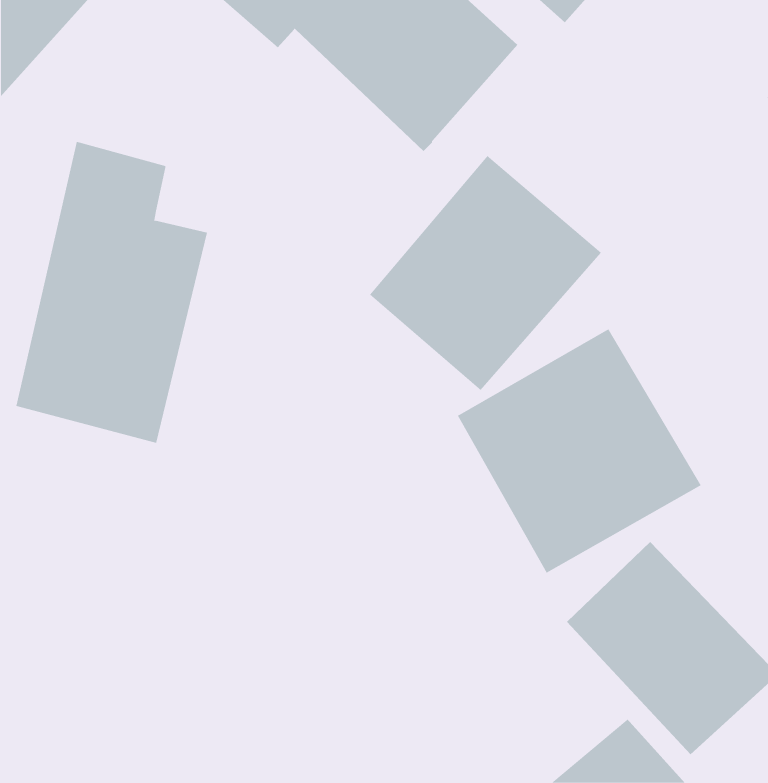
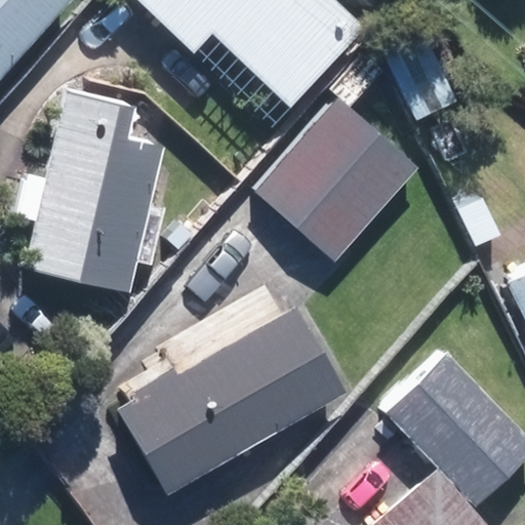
building: [457,328,701,574] -> none
building: none -> [121,317,330,483]

